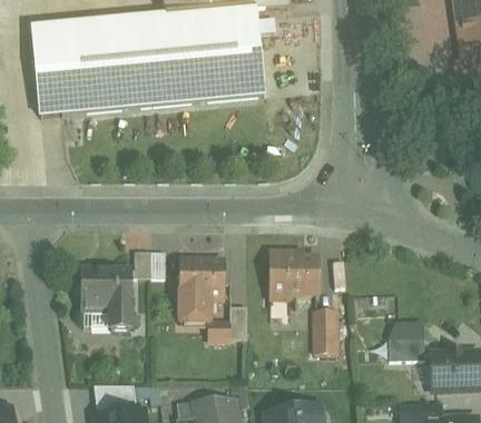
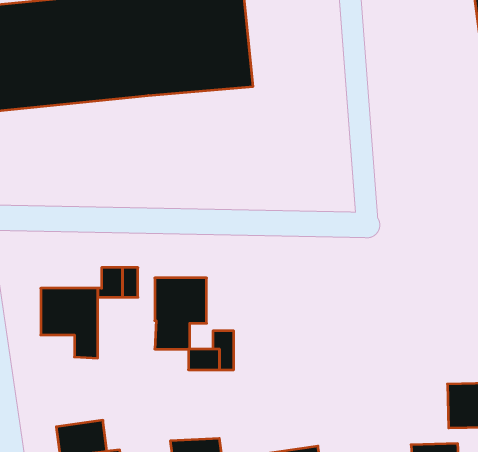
building: [268,250,318,298] -> none
building: [314,309,336,352] -> none
building: [387,323,424,360] -> none

